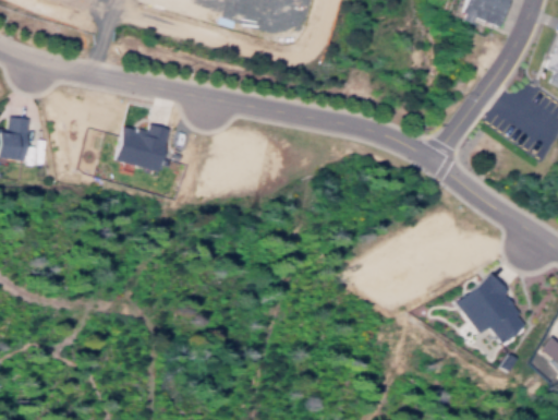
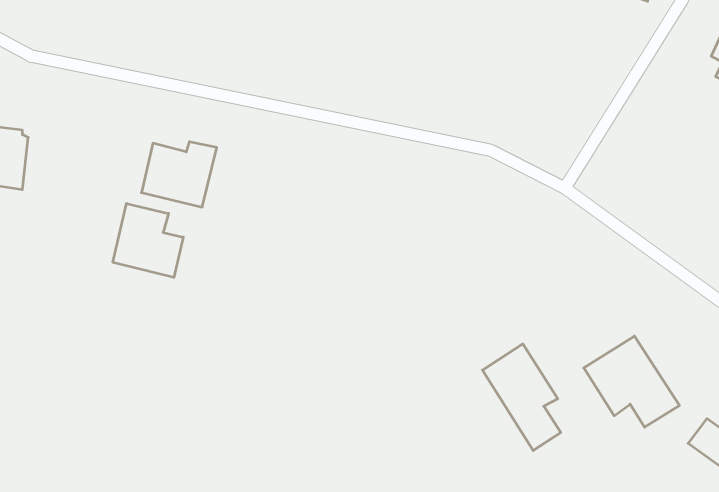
building: none -> [113,203,183,277]
building: none -> [482,344,561,451]

